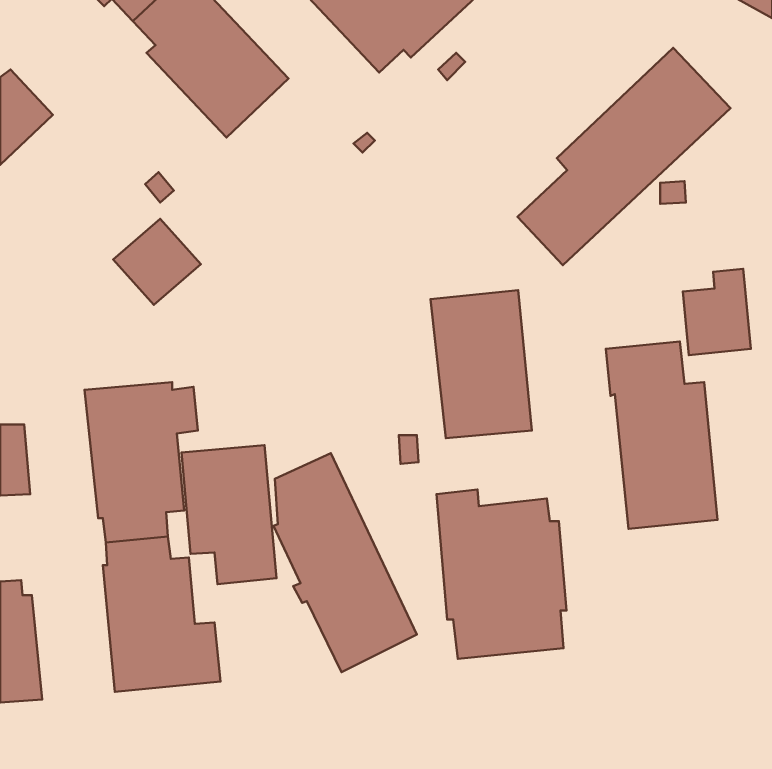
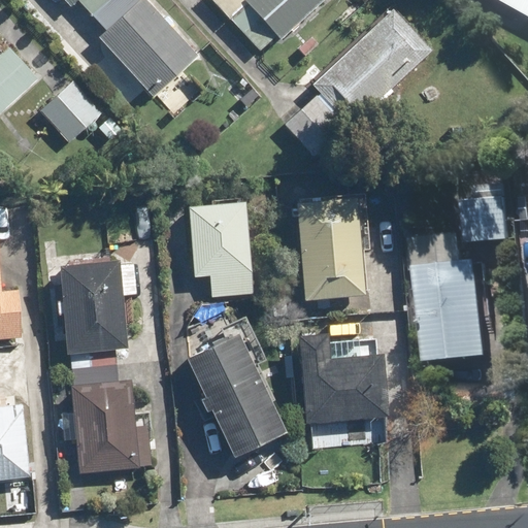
building: [517,48,730,265] -> [285,9,430,158]
building: [113,219,201,305] -> [40,81,100,140]
building: [181,445,277,584] -> [188,202,253,297]

